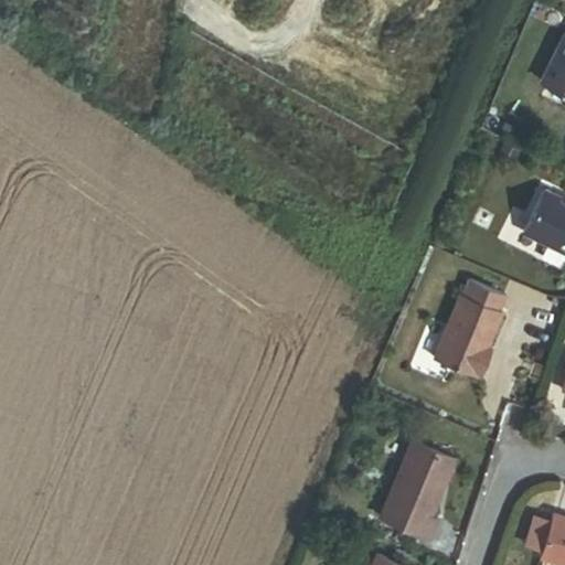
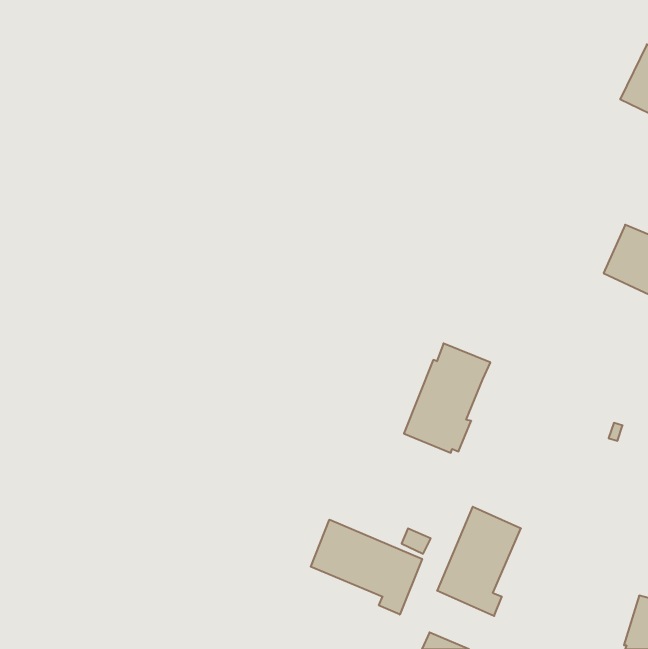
building: [434,282,509,377] -> [404,343,490,453]
building: none -> [311,520,422,615]

